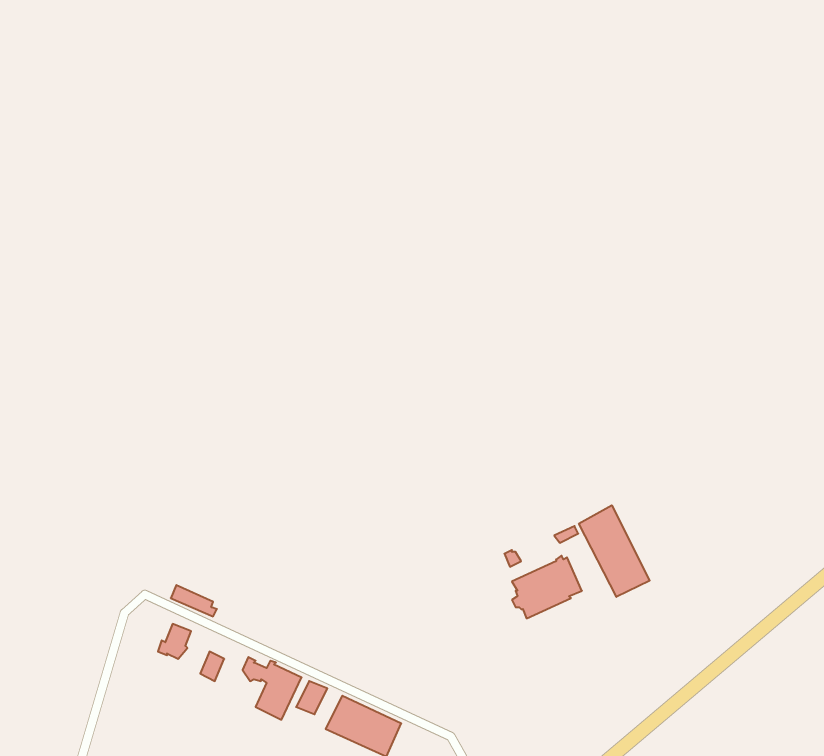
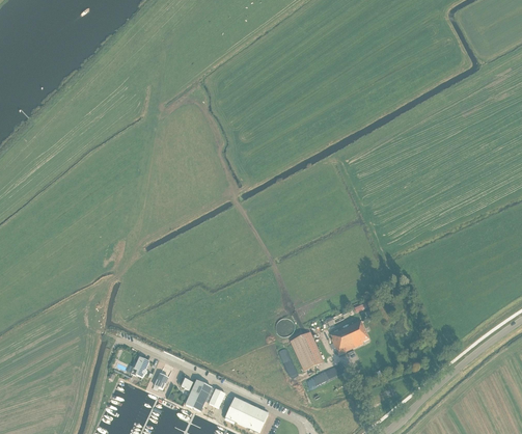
building: [579,505,650,597] -> none
building: none -> [290,331,324,370]

